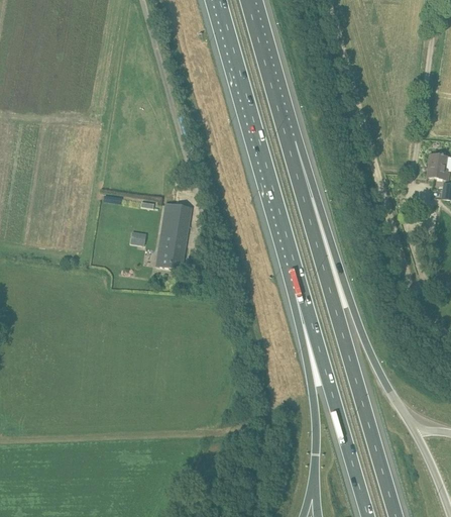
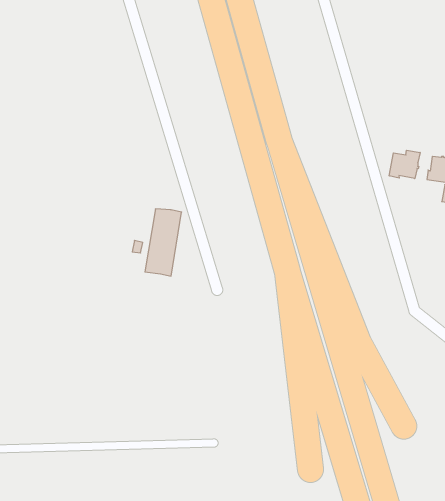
building: none -> [389,150,420,179]

